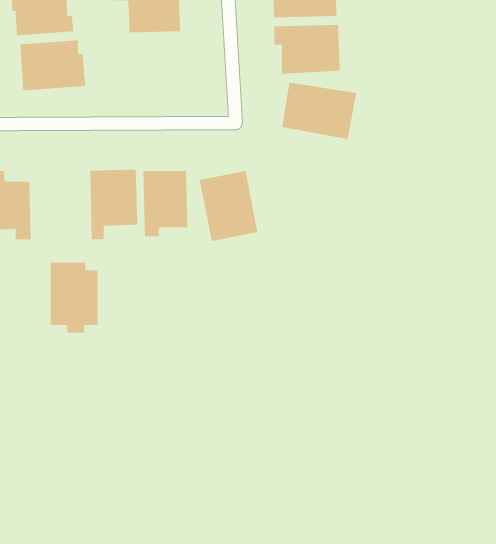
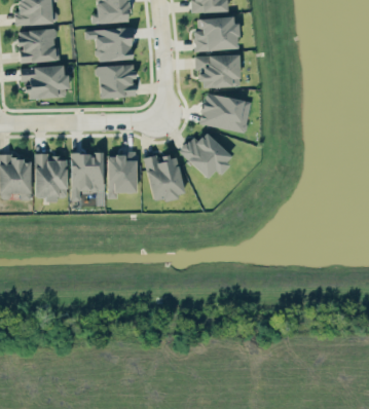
building: none -> [98,65,135,98]
building: none -> [179,133,233,178]
building: [50,262,98,333] -> [35,154,68,202]

